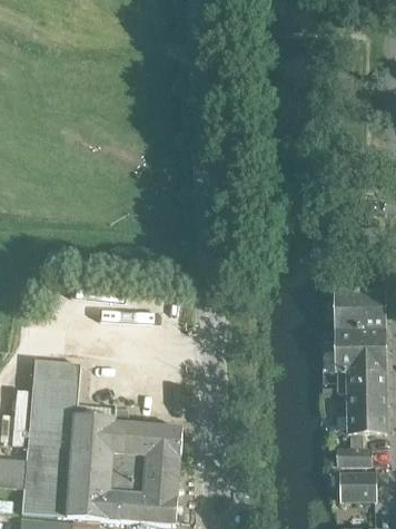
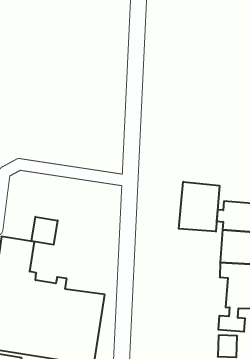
building: none -> [179,182,219,232]
building: none -> [32,217,58,245]

